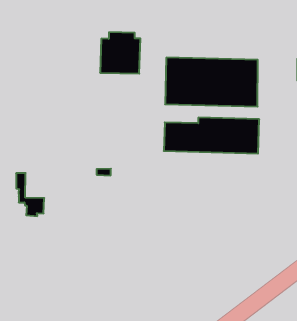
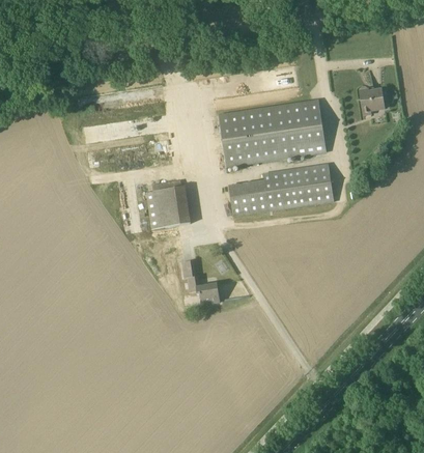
building: [100,32,140,74] -> [144,177,192,227]
building: [16,173,44,216] -> [180,258,218,304]

